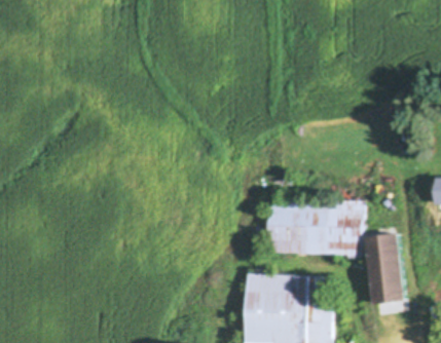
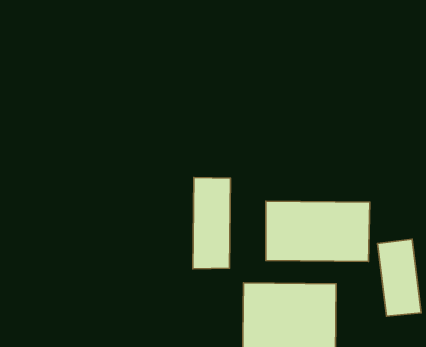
building: none -> [193,177,231,269]

